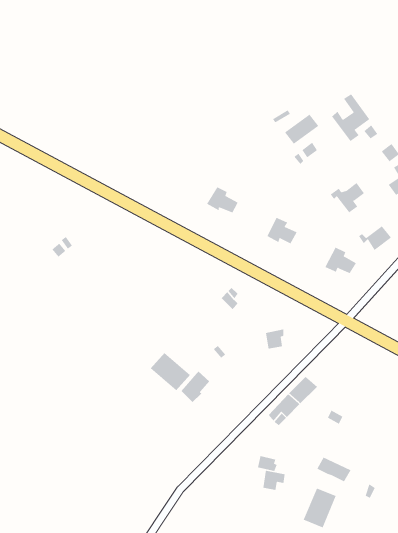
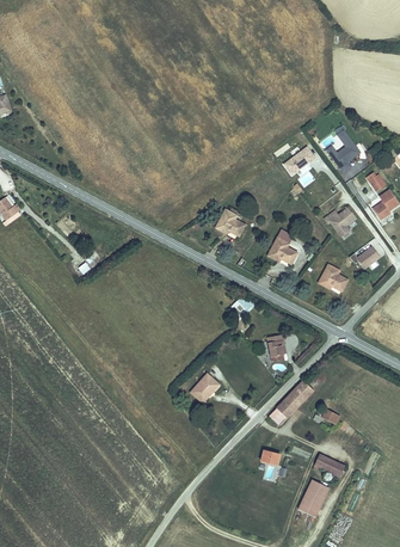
building: [150,352,191,391] -> none

